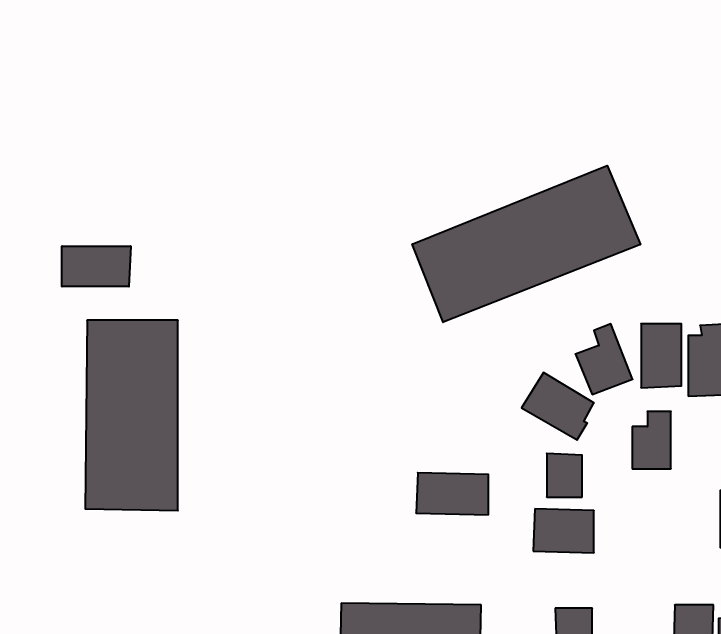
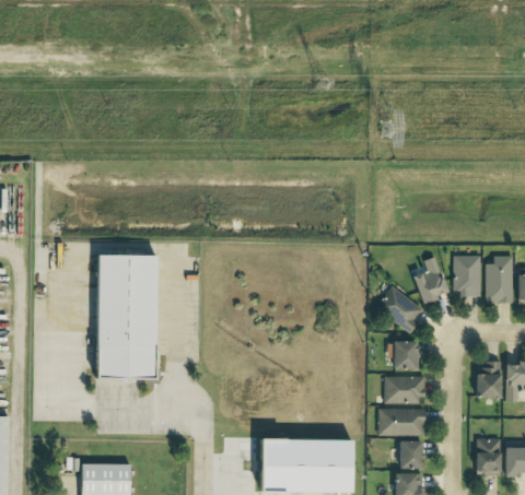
building: [412,166,640,322] -> none
building: [62,246,131,287] -> none
building: [632,411,671,469] -> [477,361,502,398]
building: [416,473,488,515] -> [378,409,425,436]

